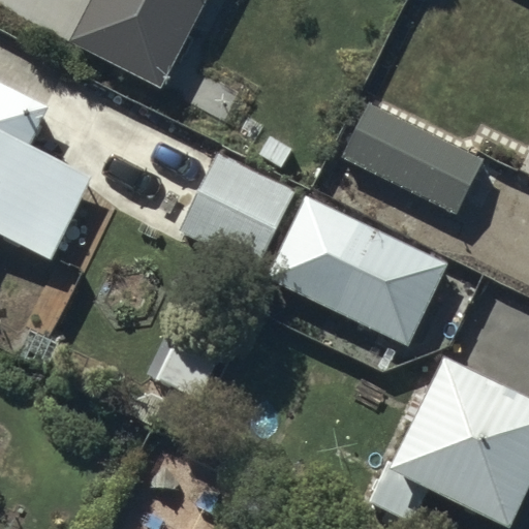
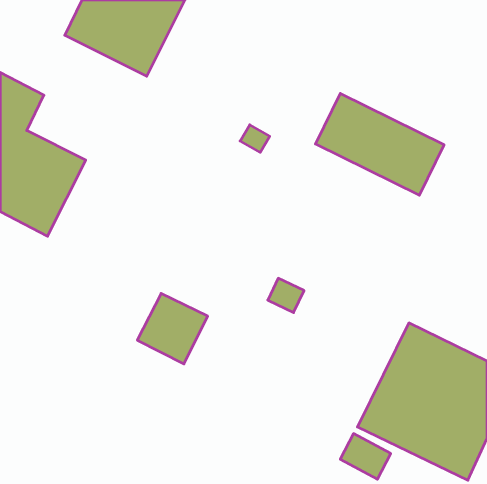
building: [184,156,292,263] -> none
building: [267,196,445,344] -> none

